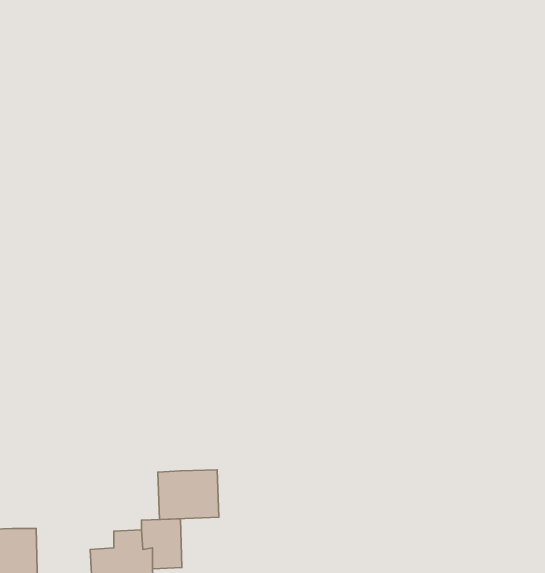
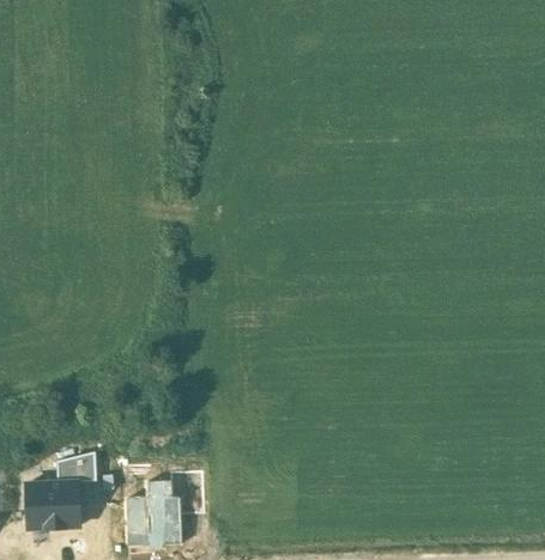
building: [158,470,219,520] -> none
building: none -> [56,452,93,479]

